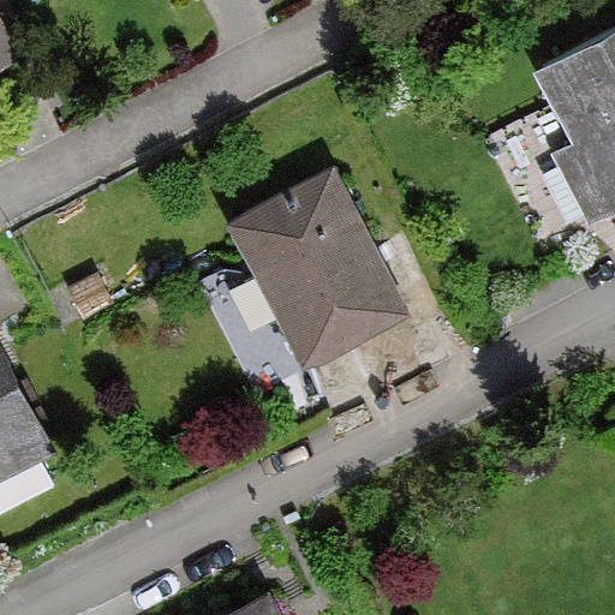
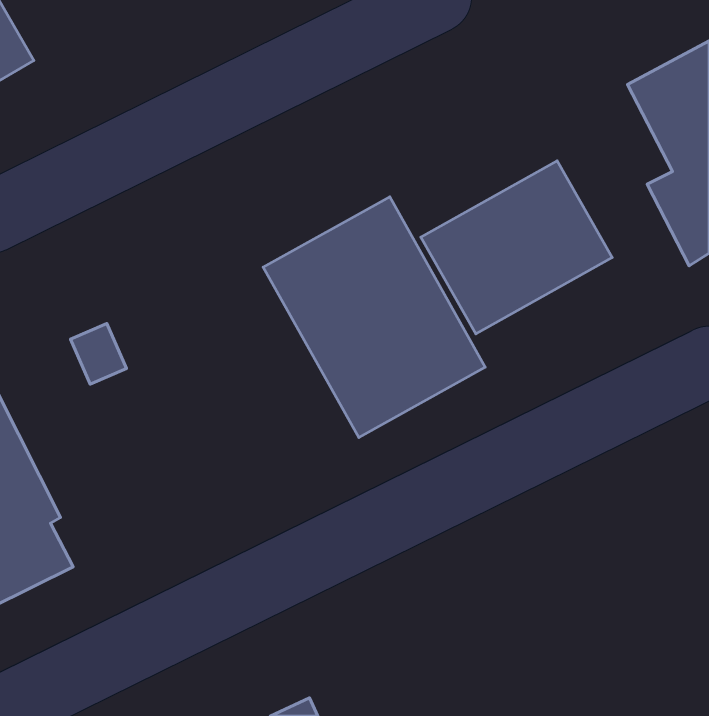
building: none -> [421,161,612,334]

